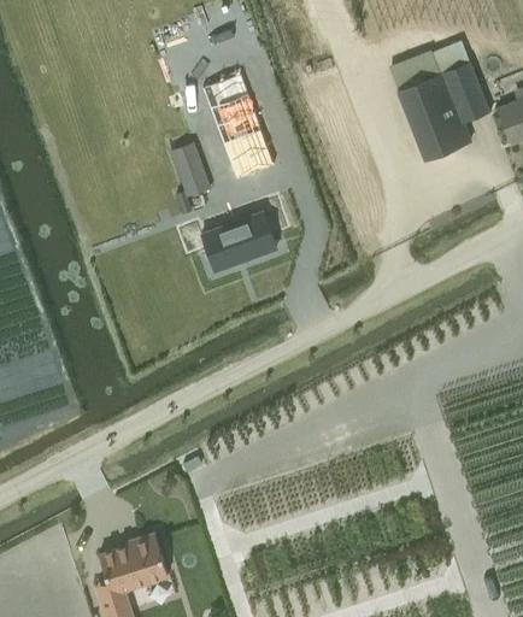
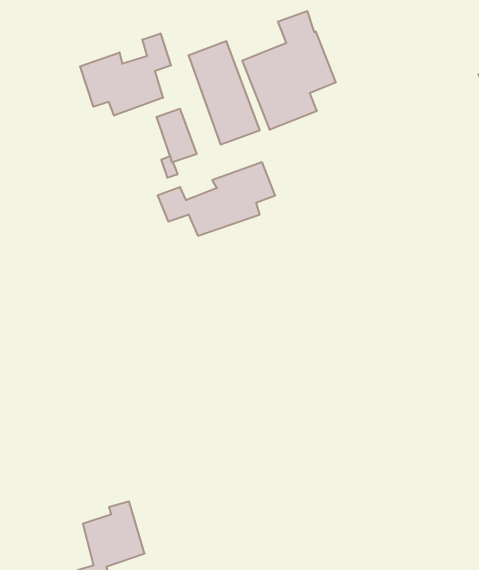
building: [396,41,492,161] -> [242,11,336,130]
building: none -> [80,33,171,116]

